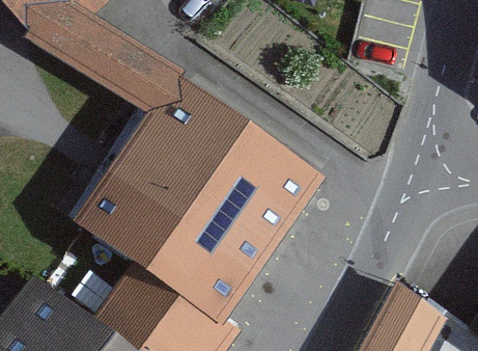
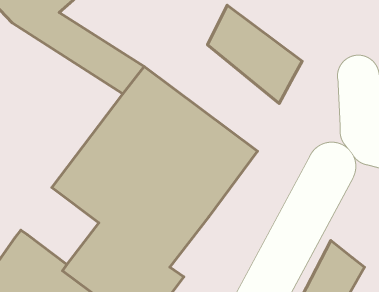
building: none -> [208,5,302,103]

